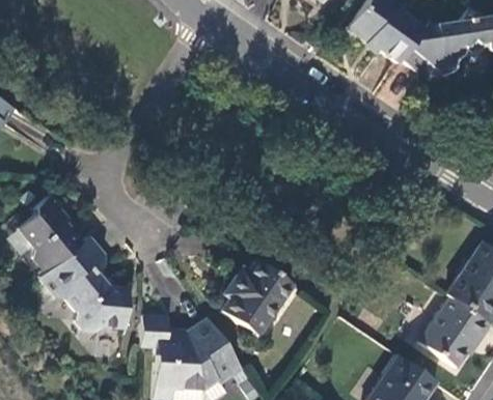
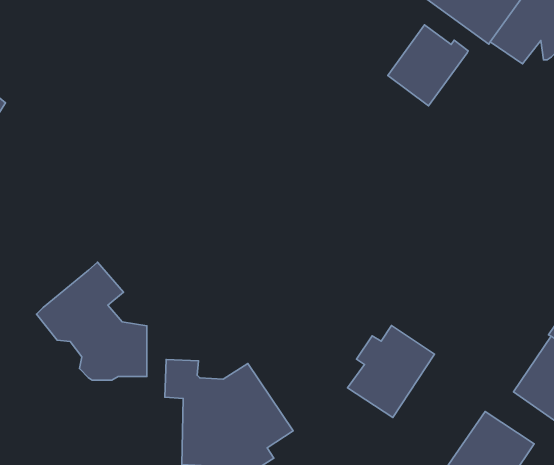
building: none -> [388,25,468,106]
building: [18,193,81,273] -> none
building: [224,260,294,334] -> [348,325,434,418]

